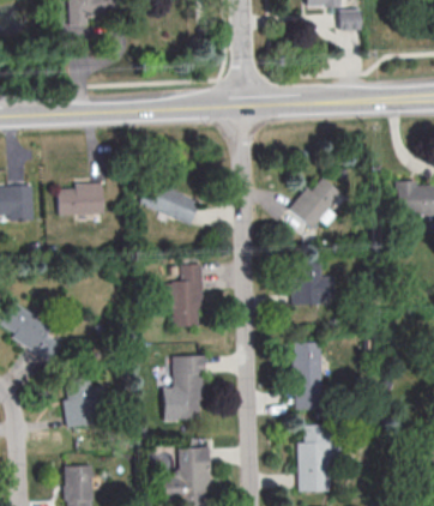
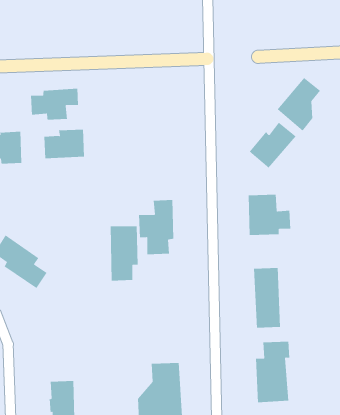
building: none -> [277,77,321,131]
building: none -> [31,88,78,120]
building: [139,180,198,223] -> none
building: [173,355,205,417] -> [110,226,138,281]
building: [62,380,107,428] -> none

